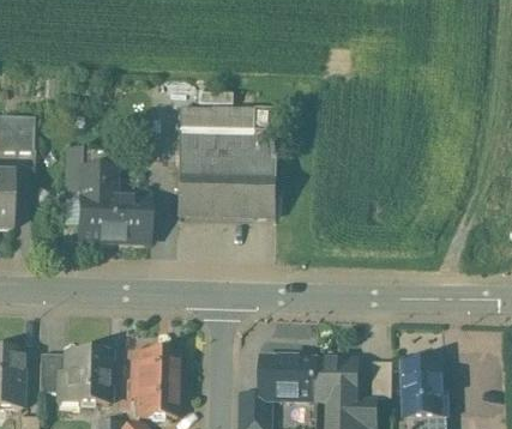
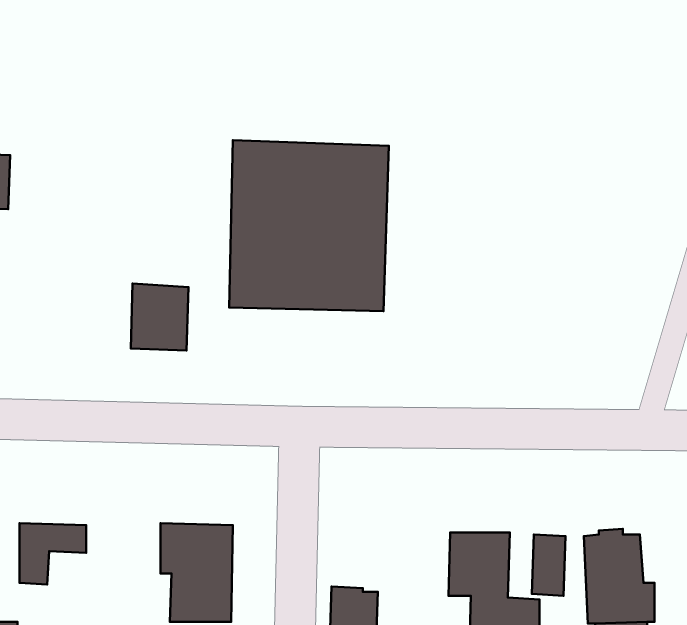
building: [65,149,114,240] -> none
building: [58,352,109,403] -> none
building: [261,357,318,399] -> none

